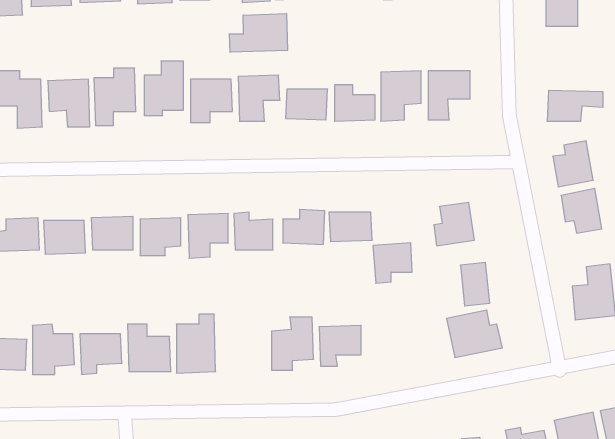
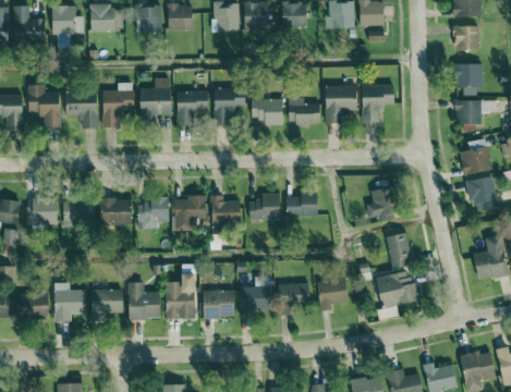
building: [229,13,288,52] -> none
building: none -> [460,64,482,96]
building: [373,243,412,283] -> [317,280,348,311]
building: none -> [202,290,234,319]

